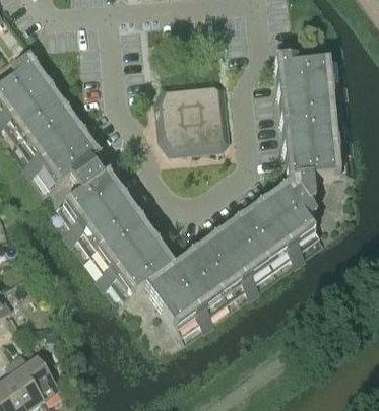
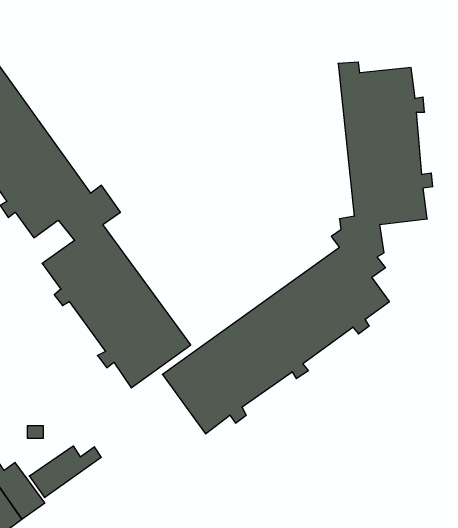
building: [153,74,228,147] -> none
building: none -> [29,446,101,498]

